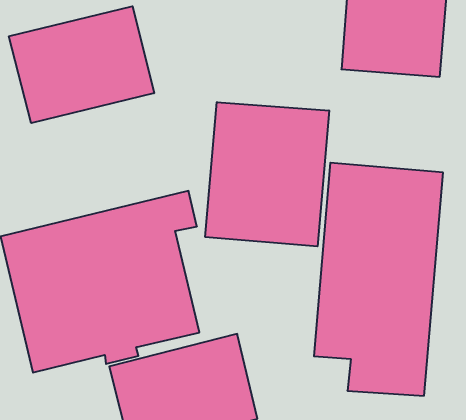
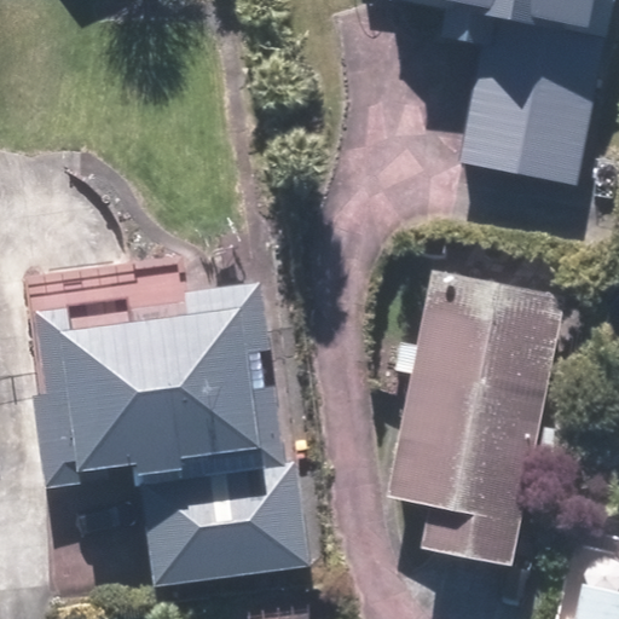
building: [9,6,154,123] -> none
building: [205,102,329,246] -> none

